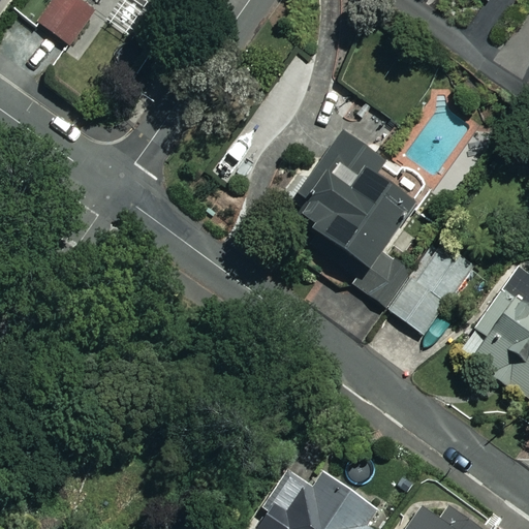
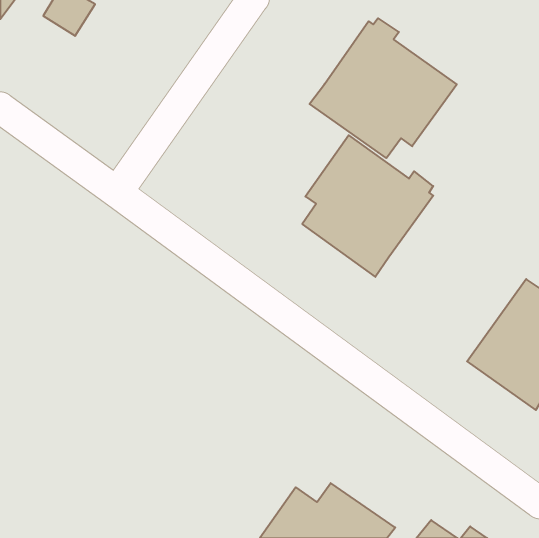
building: none -> [310,18,457,158]
building: [356,246,469,336] -> none

